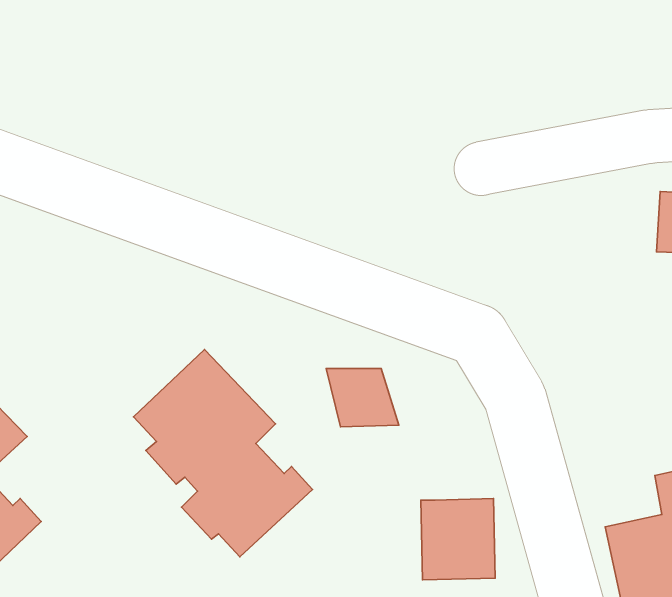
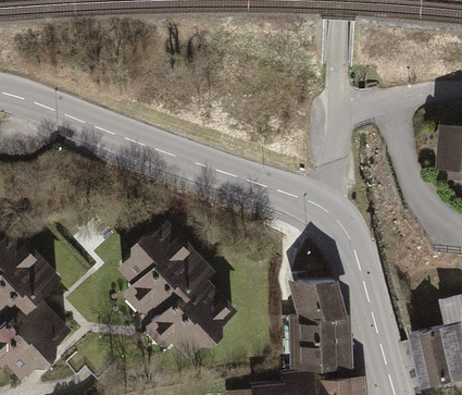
building: [326,368,399,427] -> [299,282,344,318]

